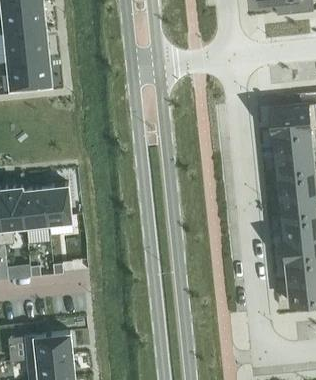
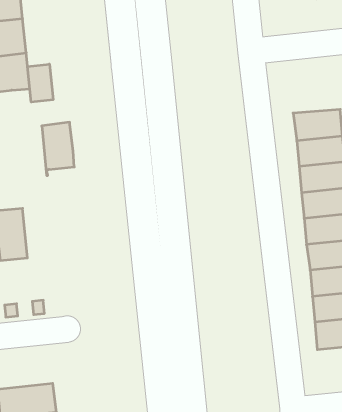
building: none -> [28,64,53,102]
building: [45,184,72,228] -> [42,122,74,175]

